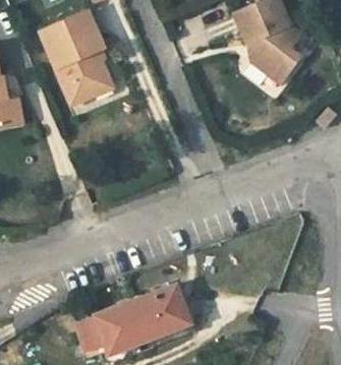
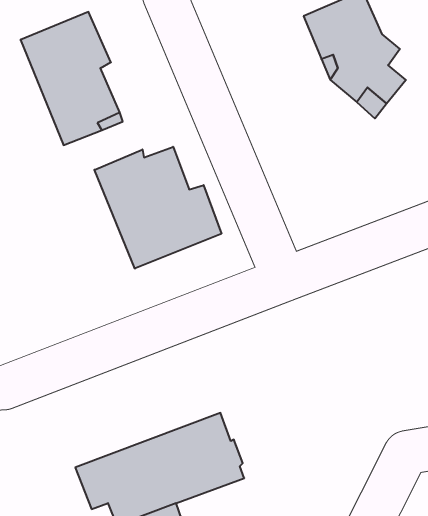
building: none -> [94,147,221,269]

